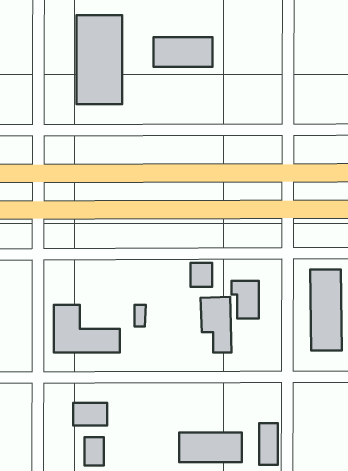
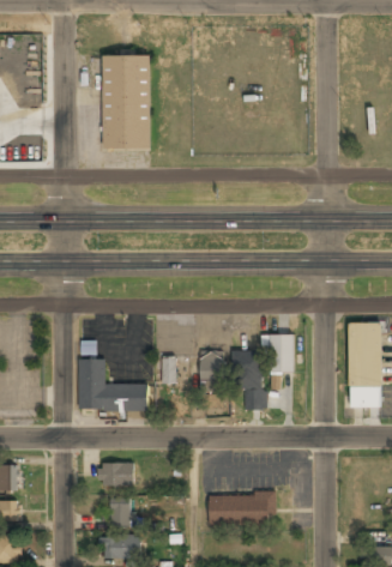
building: [154,37,213,67] -> none
building: [191,263,212,287] -> [200,355,223,380]
building: [259,423,278,465] -> none

